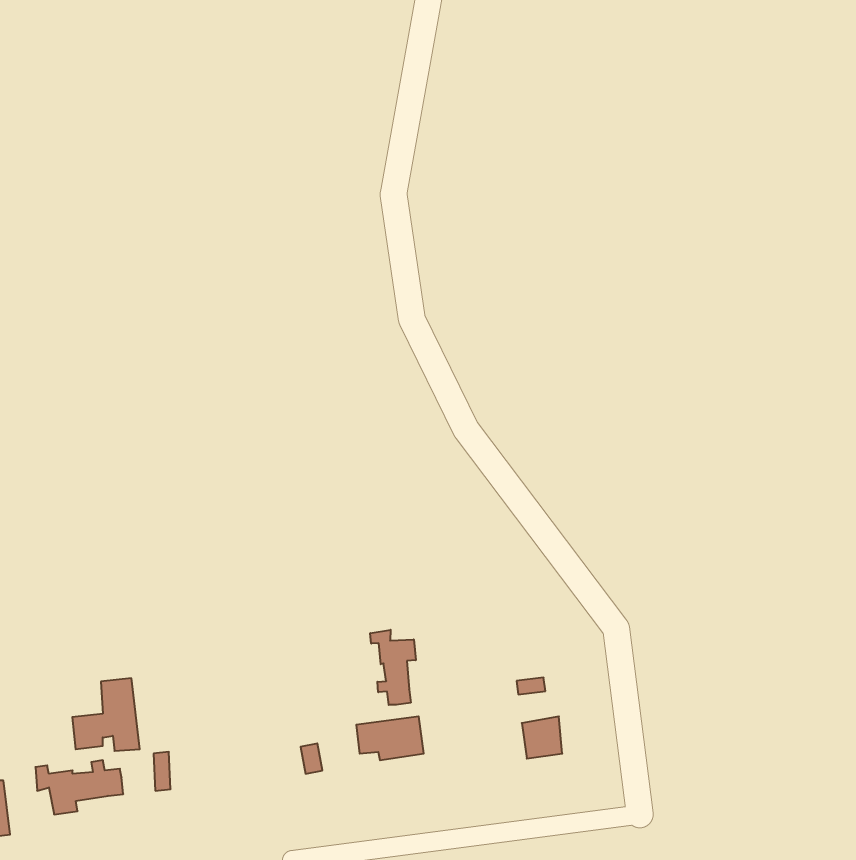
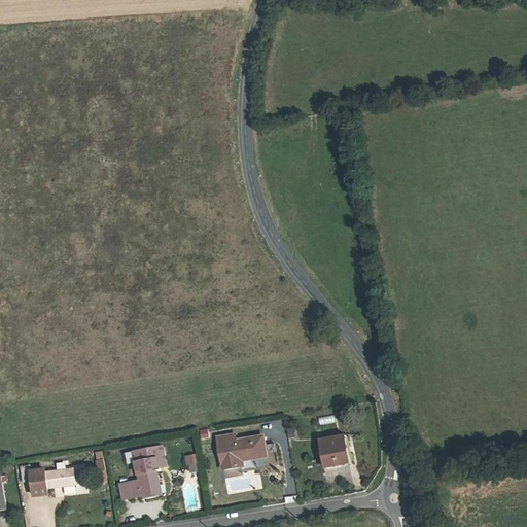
building: [370,630,416,705] -> none
building: [72,678,140,751] -> [120,455,162,499]

